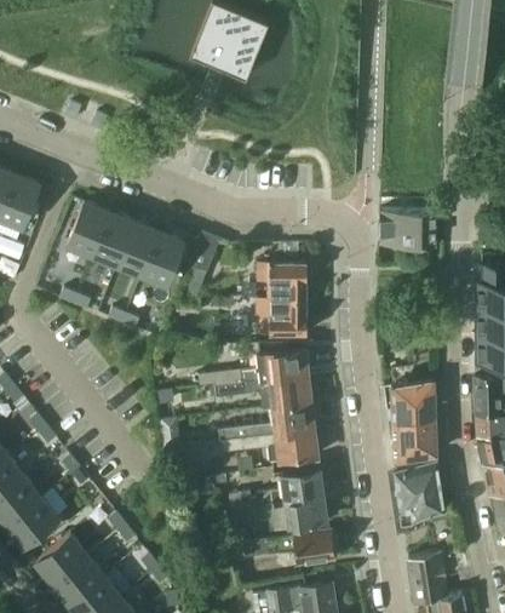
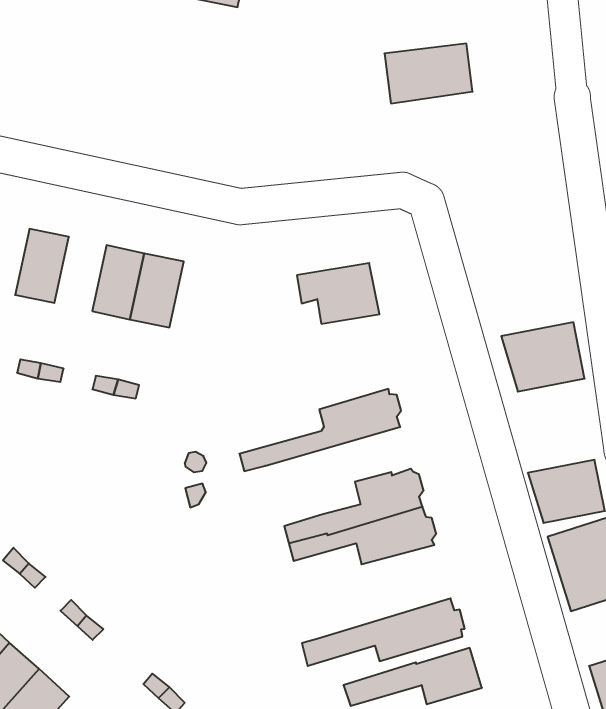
building: [380,211,437,246] -> [384,44,473,103]
building: [92,213,133,265] -> none
building: [189,233,220,274] -> none
building: [257,299,308,339] -> none
building: [214,377,315,409] -> none
building: [384,382,435,422] -> [501,322,585,392]
building: [229,470,325,509] -> none

